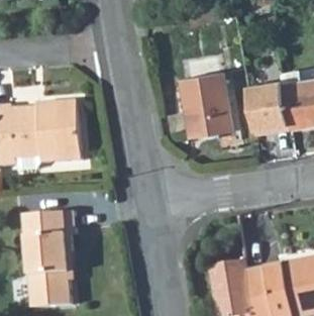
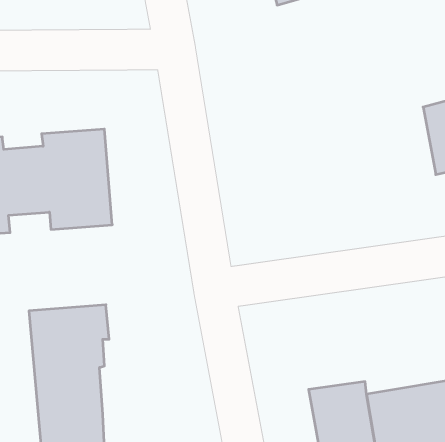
building: [181,56,230,136] -> none
building: [242,80,288,135] -> none

